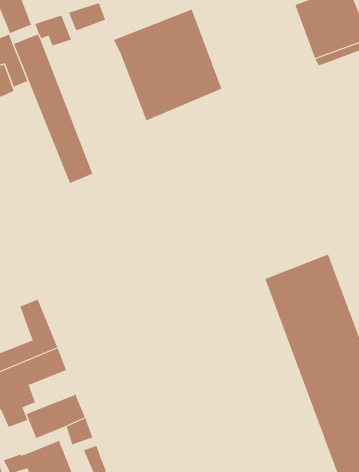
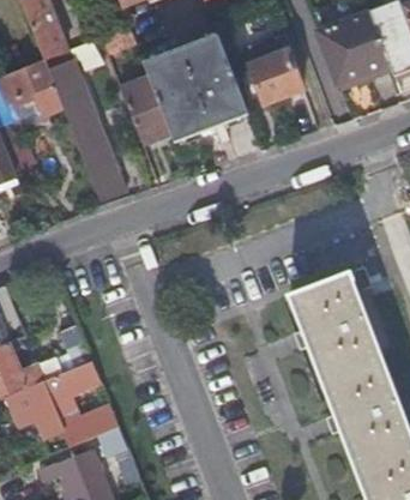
building: none -> [243,34,303,104]
building: none -> [120,77,170,144]

